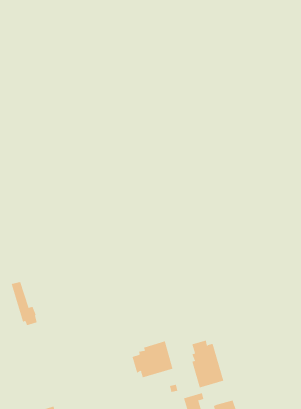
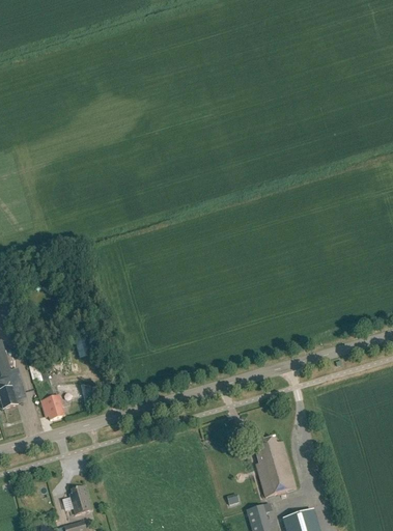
building: [132,341,173,378] -> none
building: none -> [69,485,91,513]

